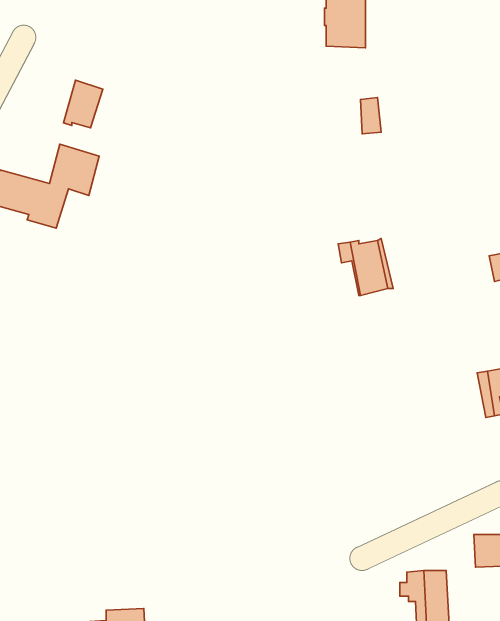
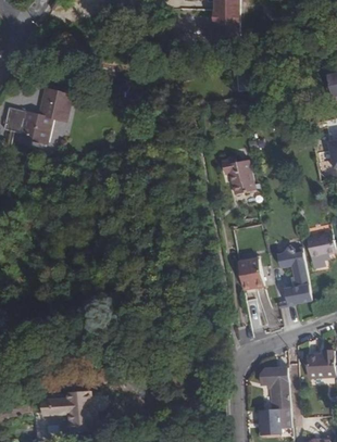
building: [63,80,103,128] -> none
building: none -> [275,245,309,303]
building: none -> [234,260,258,290]

